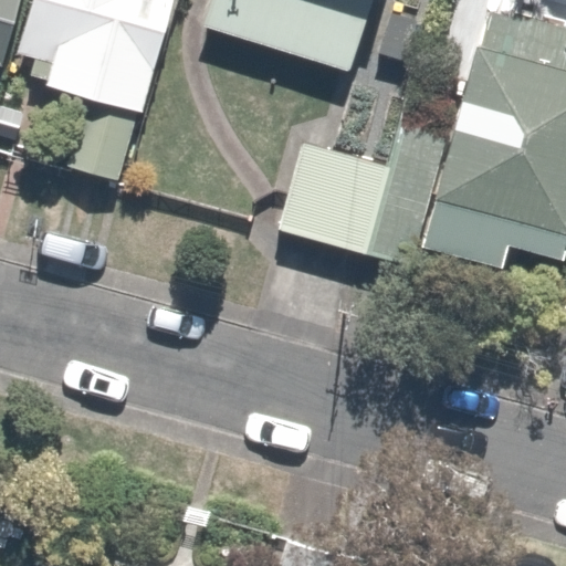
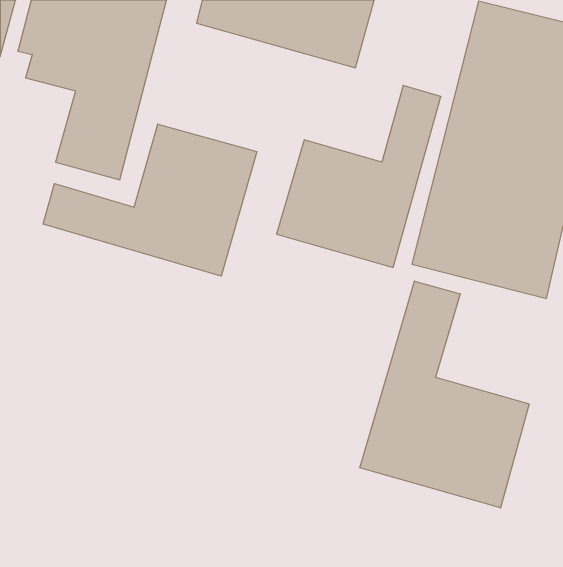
building: none -> [43,124,257,276]
building: none -> [360,281,529,508]

